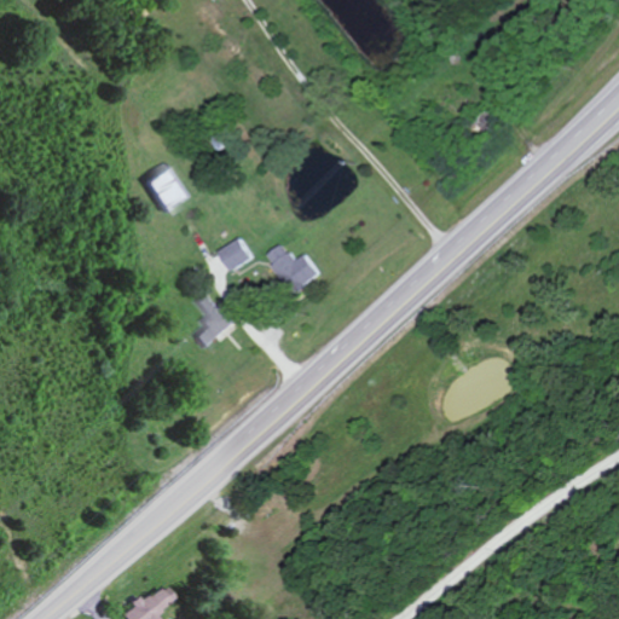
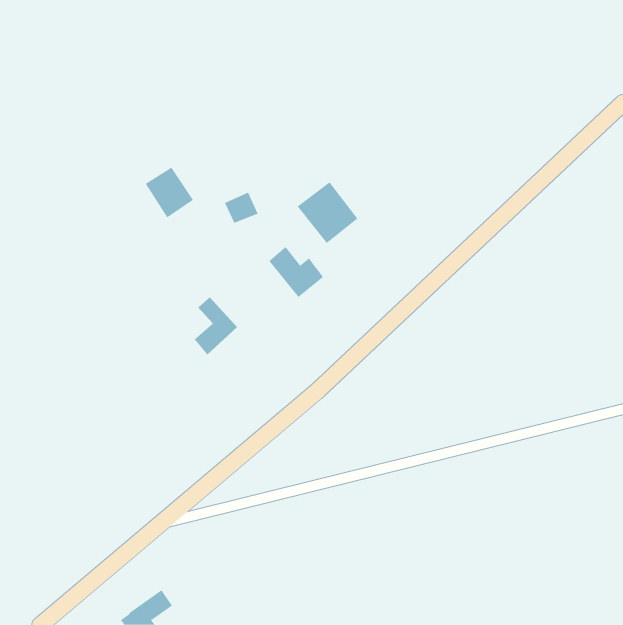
building: none -> [297,182,358,244]
building: [219,239,253,271] -> [224,192,258,224]

